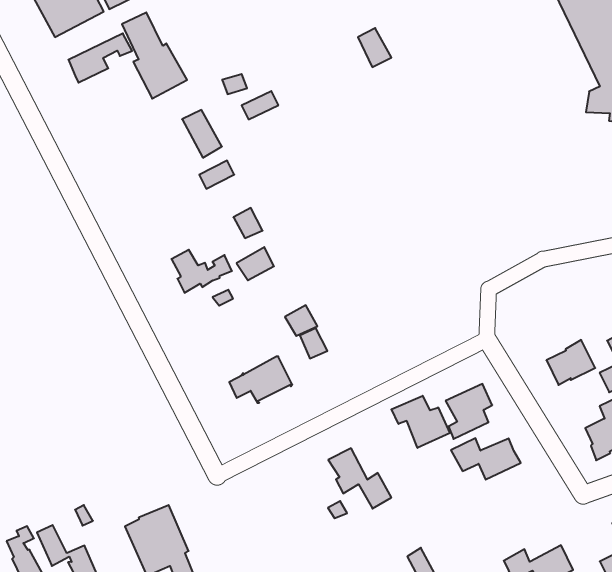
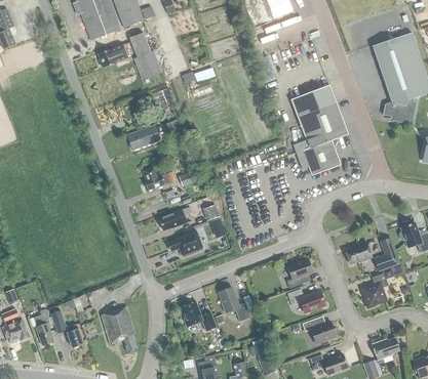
building: none -> [290,84,348,174]
building: none -> [127,125,159,149]
building: none -> [158,206,191,230]
building: [391,396,450,448] -> none
building: none -> [180,300,216,330]
building: none -> [302,314,336,342]

